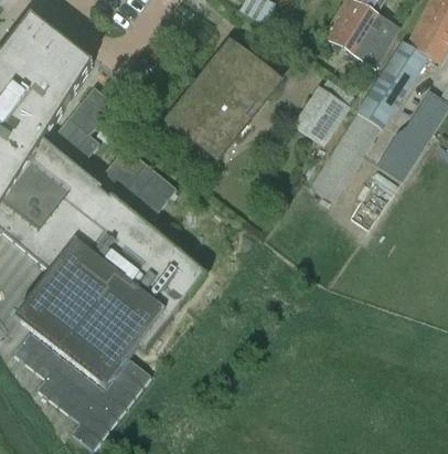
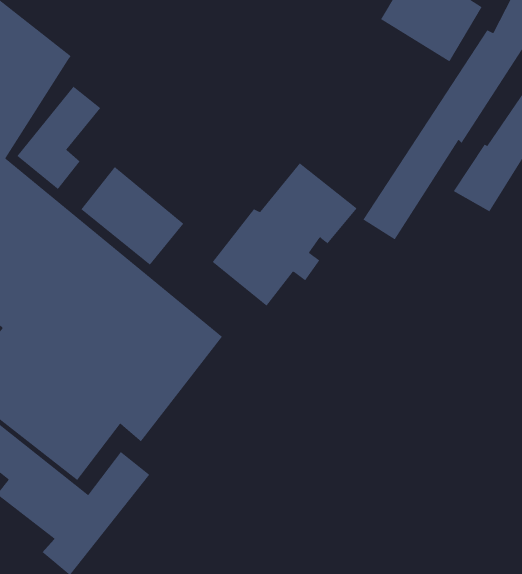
building: [168,45,276,152] -> [212,162,357,306]
building: [291,84,350,145] -> none

